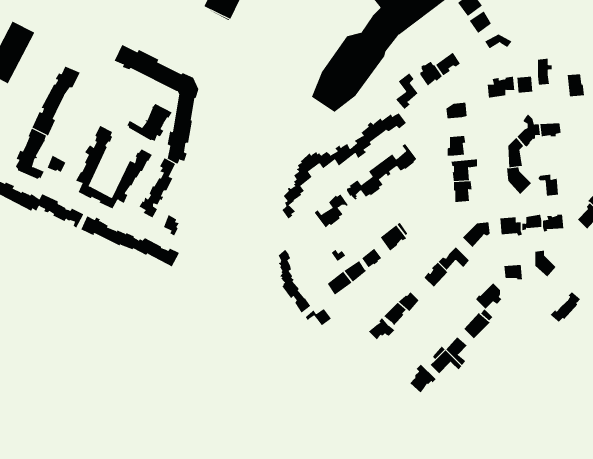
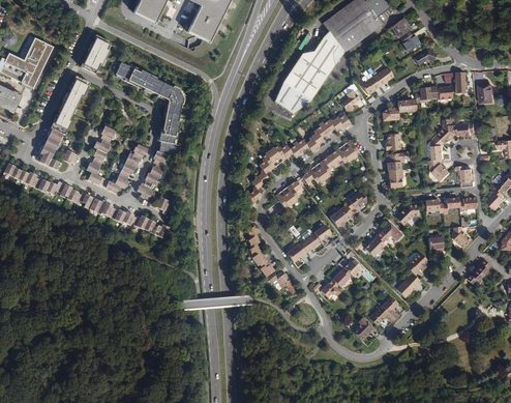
building: none -> [81,35,110,74]
building: [127,103,172,141] -> none

